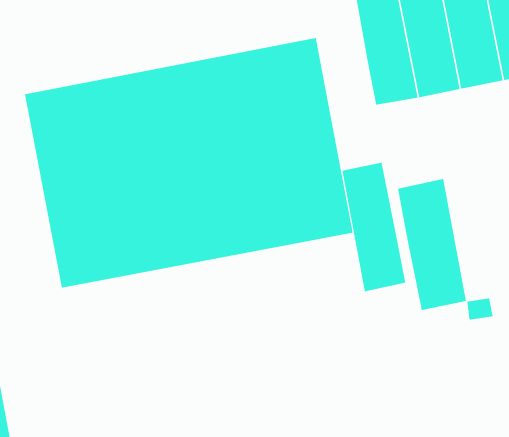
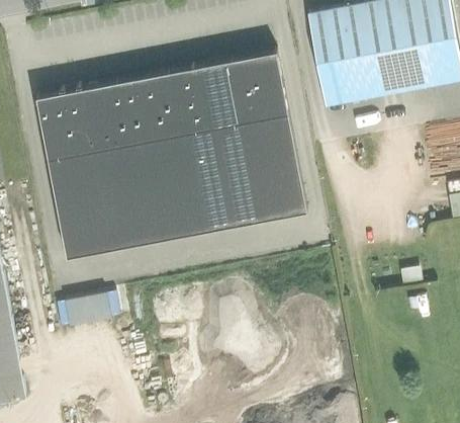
building: [342,162,406,292] -> none
building: [397,178,466,311] -> none

